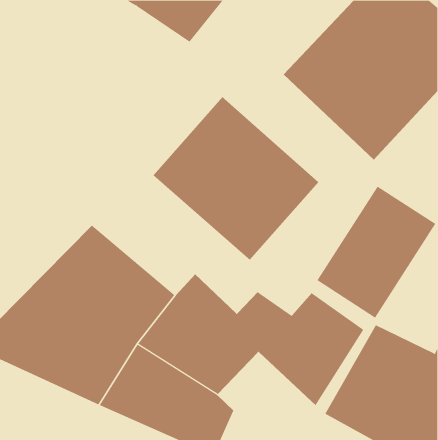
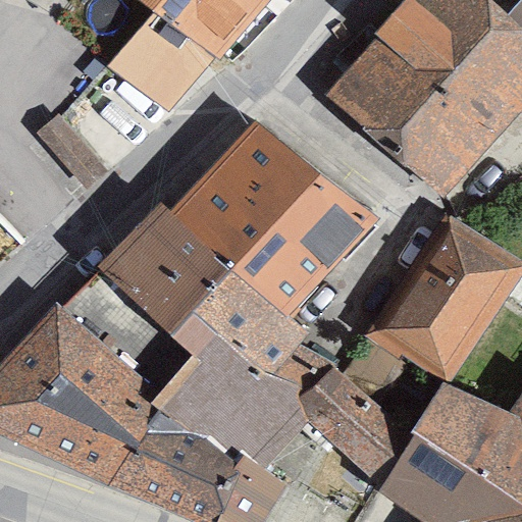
building: none -> [113,11,223,110]
building: none -> [101,199,318,372]

